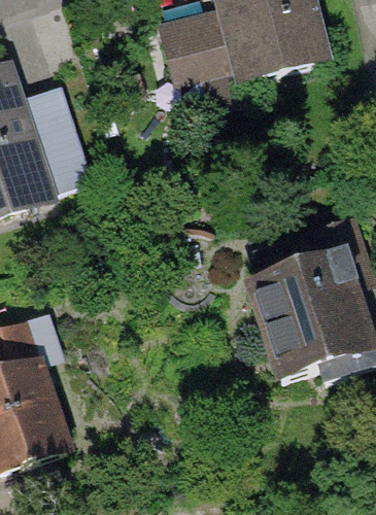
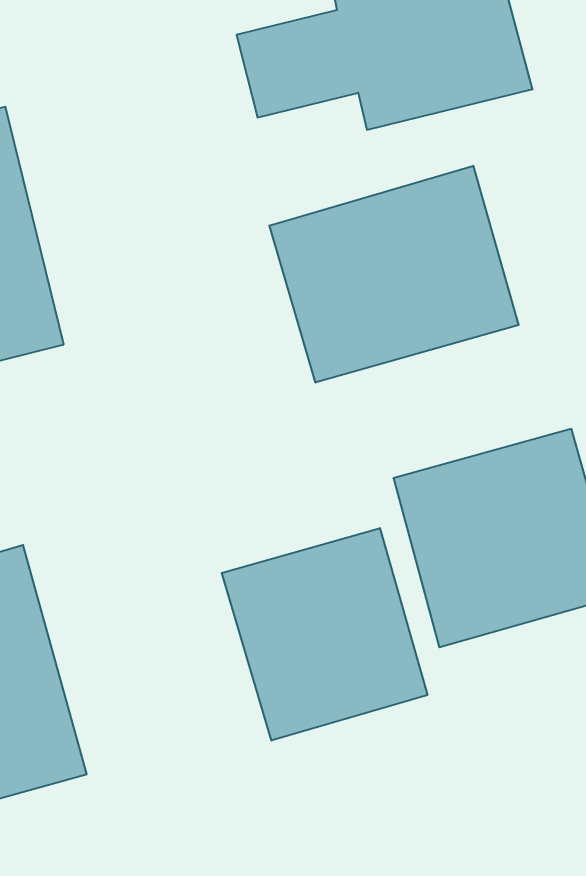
building: none -> [269,166,519,383]
building: none -> [222,528,427,741]

